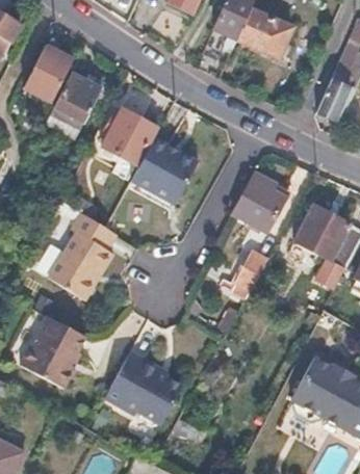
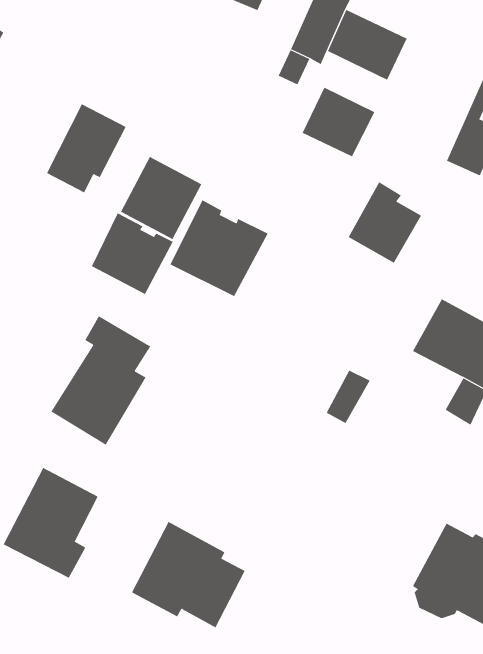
building: [21,46,72,105] -> none
building: none -> [302,87,375,157]
building: none -> [91,213,173,295]
building: [233,173,283,228] -> [348,182,422,263]

